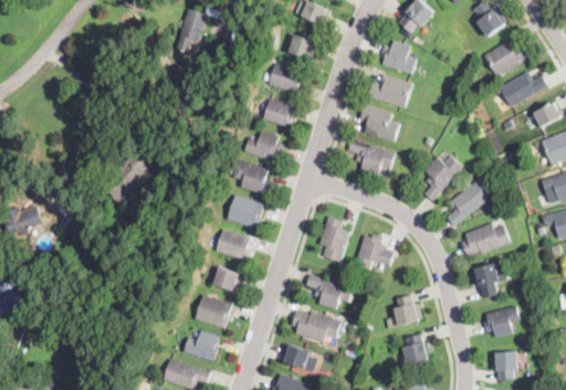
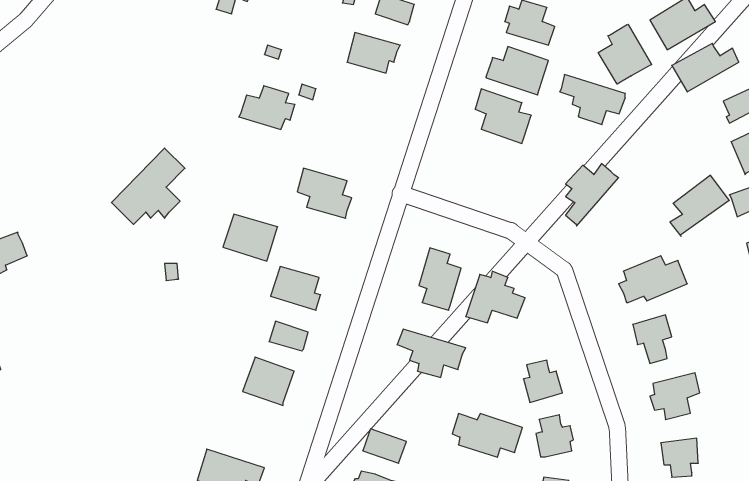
building: none -> [598,24,652,84]
building: [264,97,296,125] -> none
building: [244,130,284,161] -> [239,86,295,129]
building: [348,139,395,175] -> [560,75,625,125]
building: [447,182,489,225] -> [670,175,729,236]
building: [227,196,265,229] -> [223,214,278,261]
building: [292,310,342,341] -> [452,414,522,457]
building: [185,330,219,361] -> none

